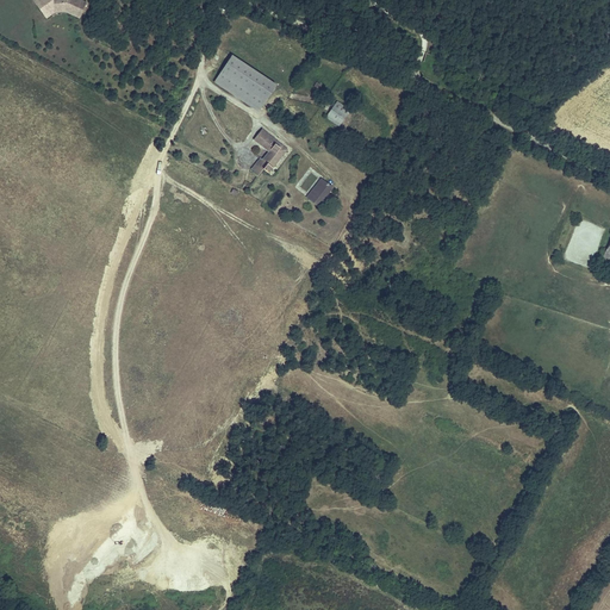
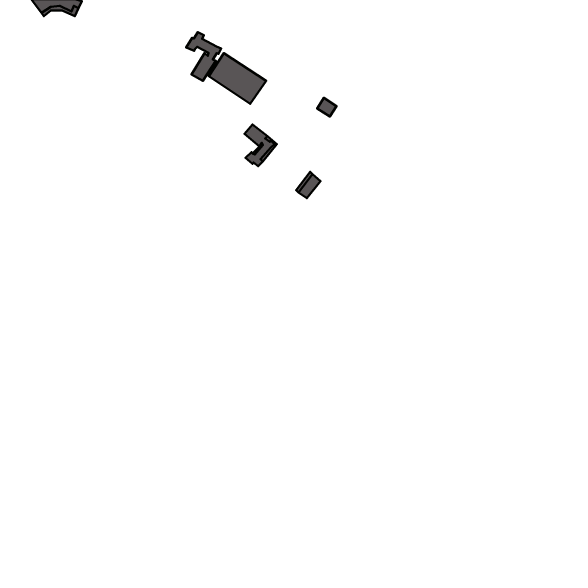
building: none -> [186,32,221,81]

